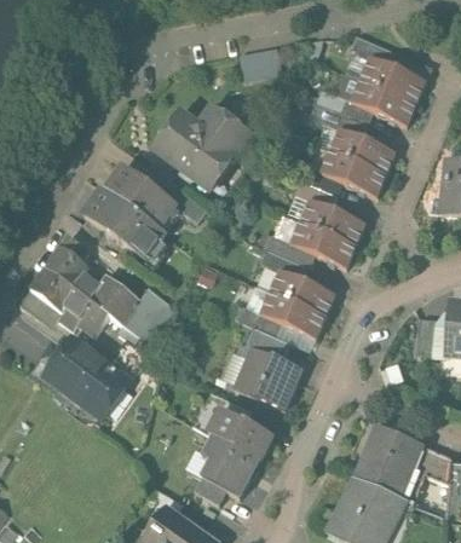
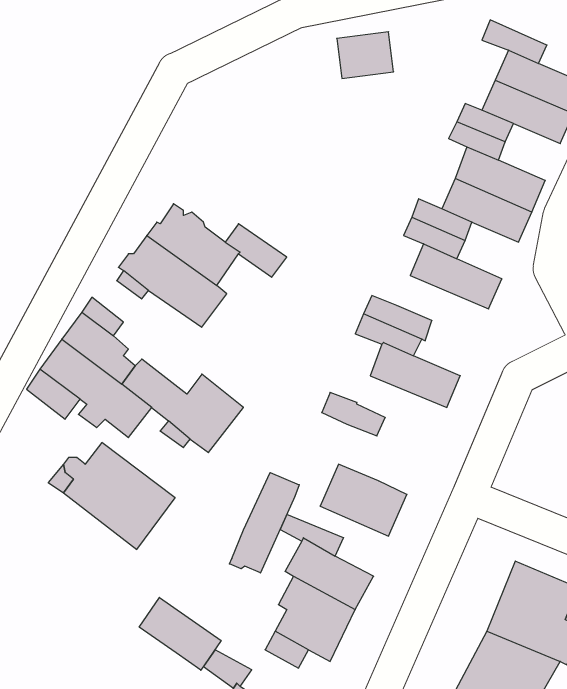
building: [159,110,246,185] -> none
building: [289,219,356,265] -> none
building: [260,291,325,337] -> none
building: [242,327,288,368] -> none
building: none -> [229,473,299,573]
building: none -> [139,597,221,670]

